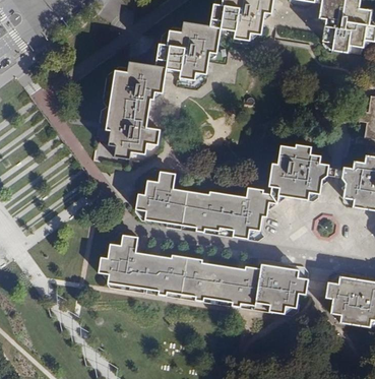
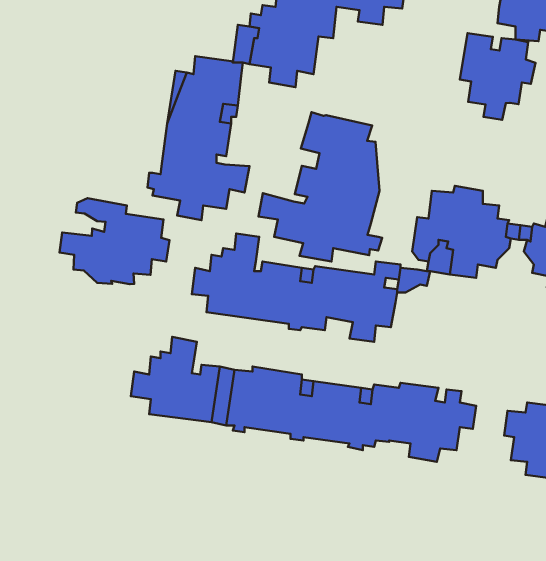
building: none -> [460,33,535,120]
building: none -> [259,112,382,262]
building: none -> [60,198,169,284]

